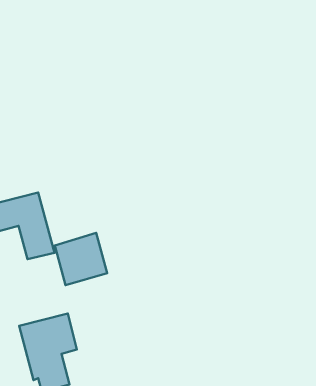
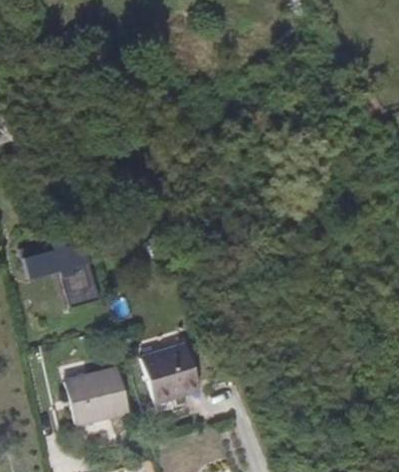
building: [55,233,107,285] -> [143,342,201,401]

